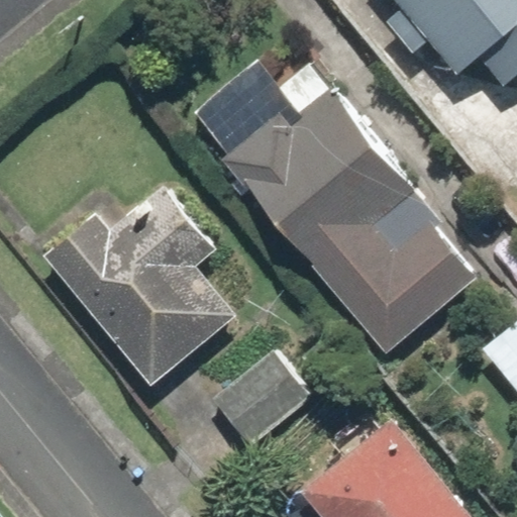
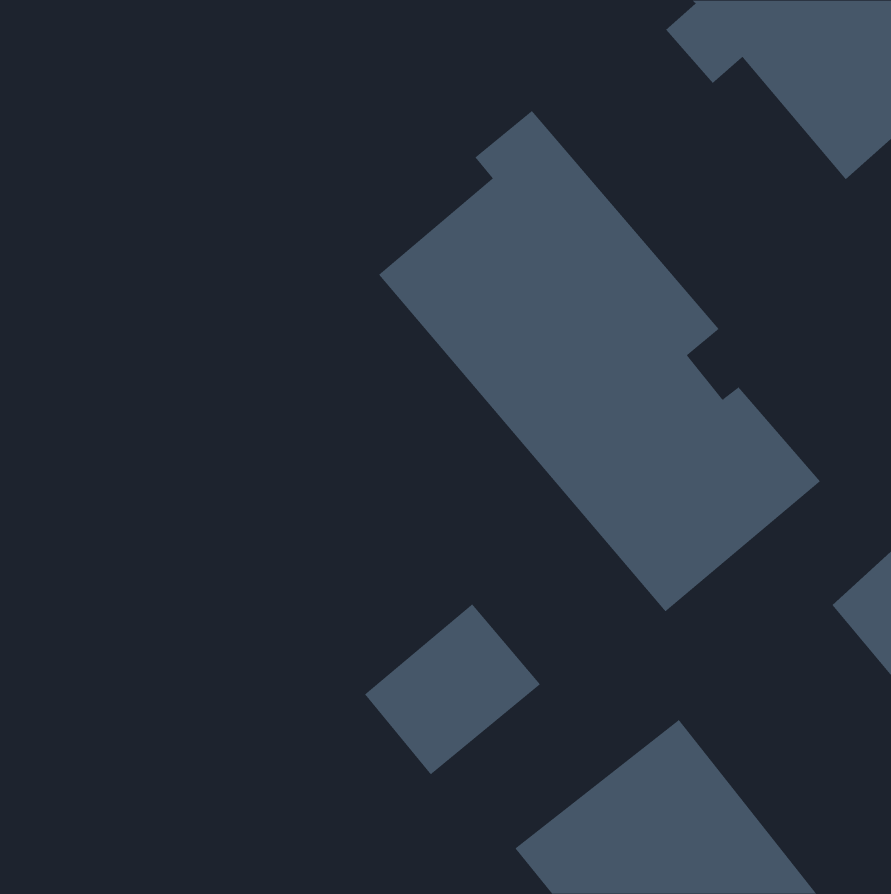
building: [42,185,235,386] -> none

